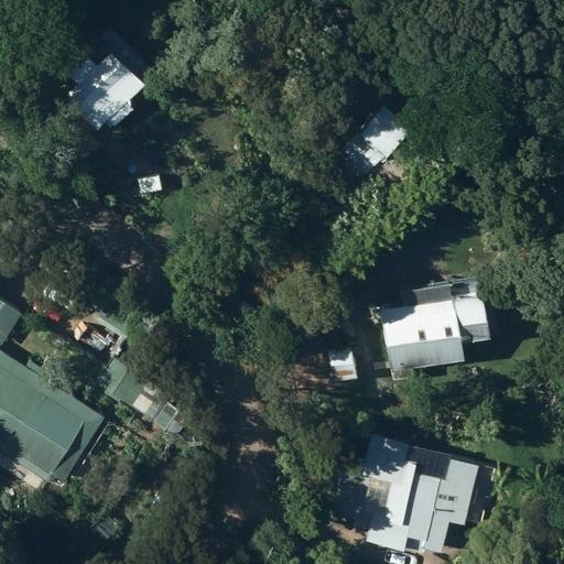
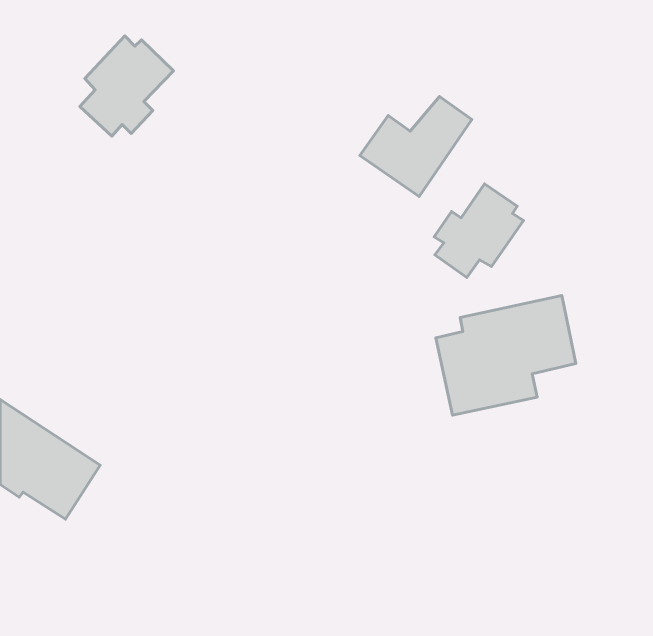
building: none -> [434,184,523,278]
building: [356,441,479,555] -> none

